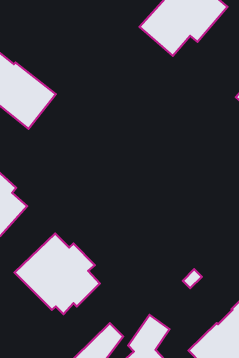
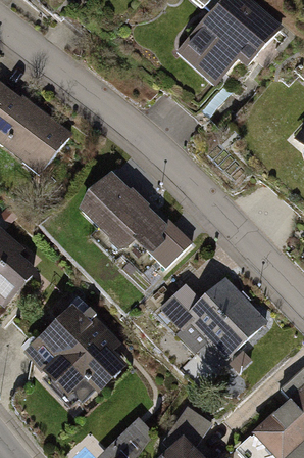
building: none -> [79,171,193,268]
building: none -> [159,276,267,360]

